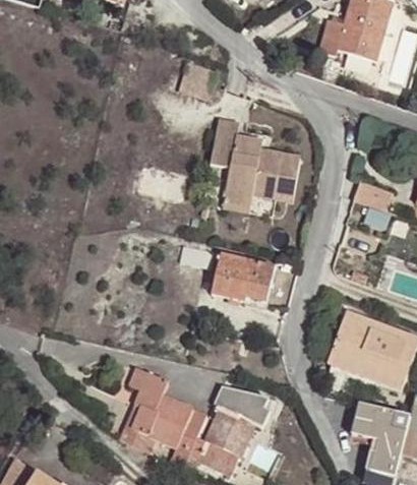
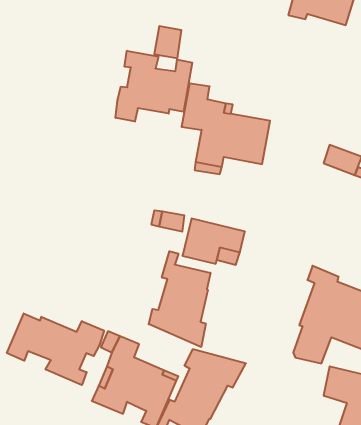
building: none -> [116,51,192,122]
building: none -> [149,251,210,347]
building: none -> [7,313,104,385]

